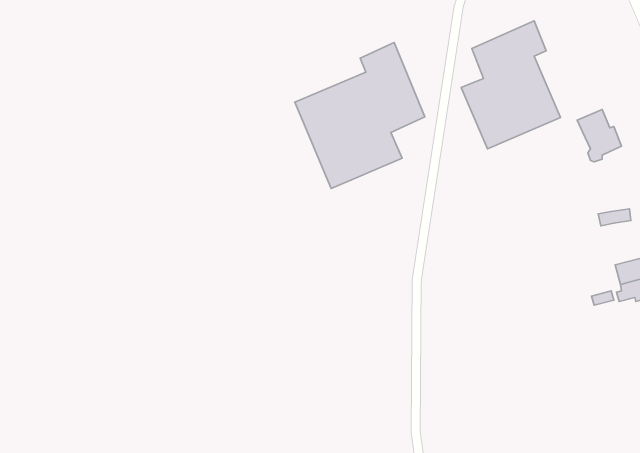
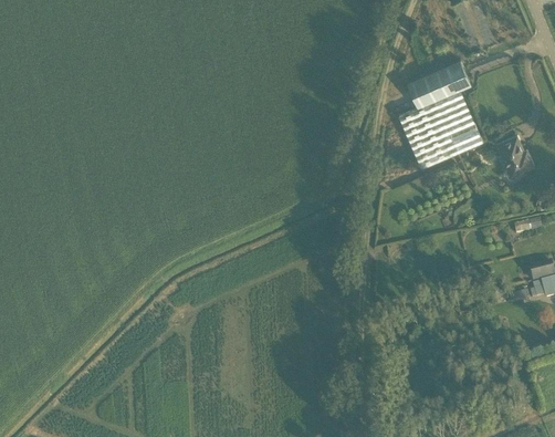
building: [295,42,425,188] -> none

